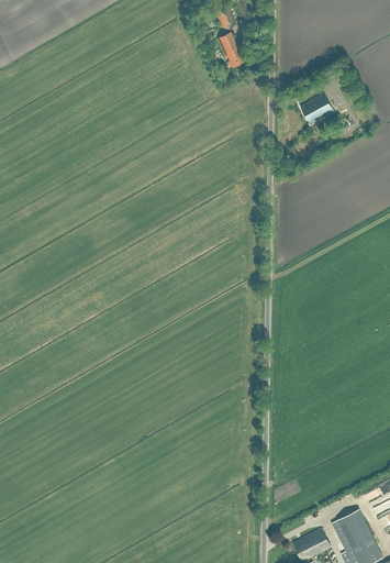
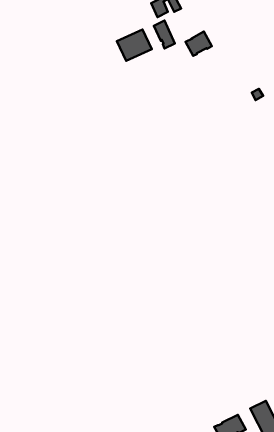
building: none -> [117,29,152,61]
building: [300,95,333,125] -> [185,31,212,56]

